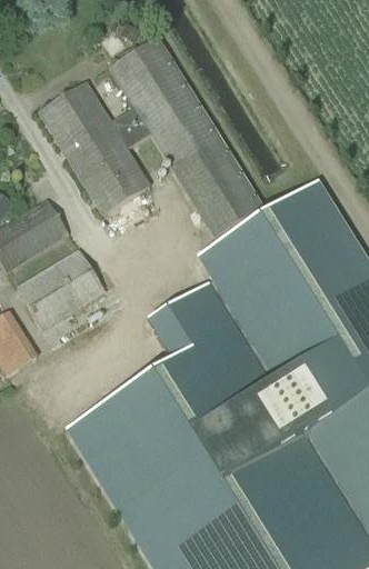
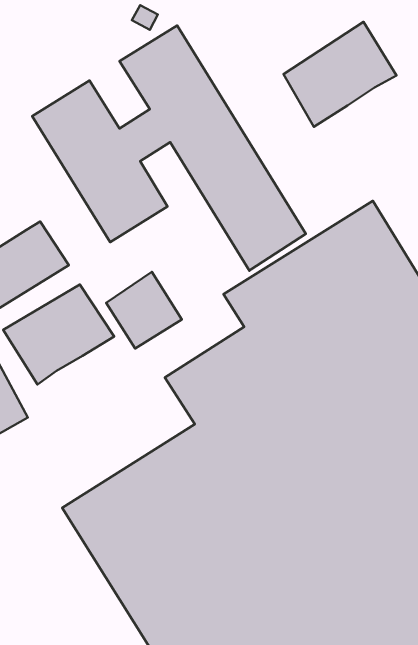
building: none -> [283,22,397,127]
building: none -> [106,272,182,348]

